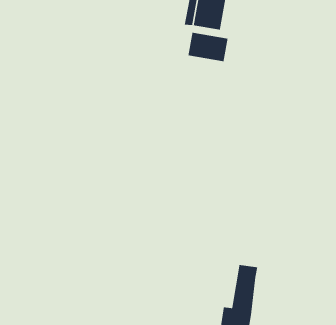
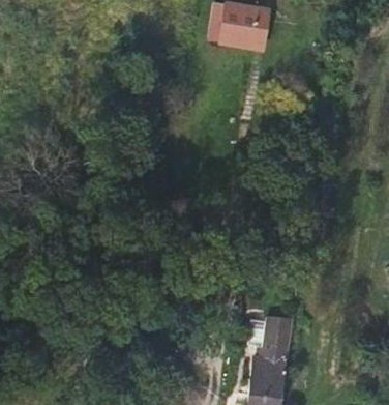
building: [188,32,228,62] -> none

